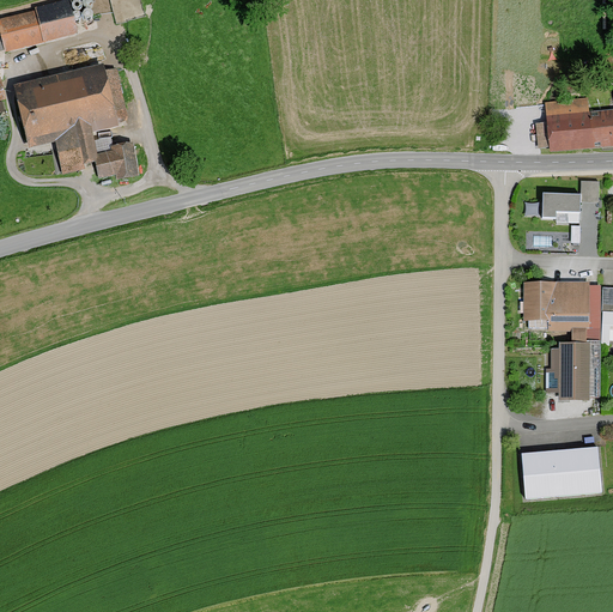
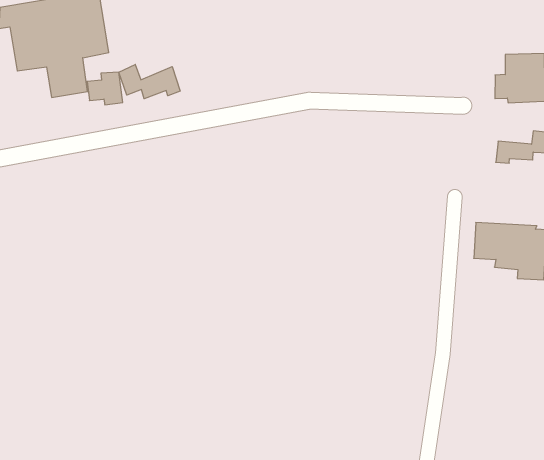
building: none -> [119,64,180,99]
building: [558,343,590,398] -> none
building: [522,446,603,499] -> none

